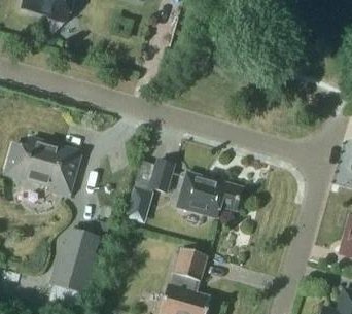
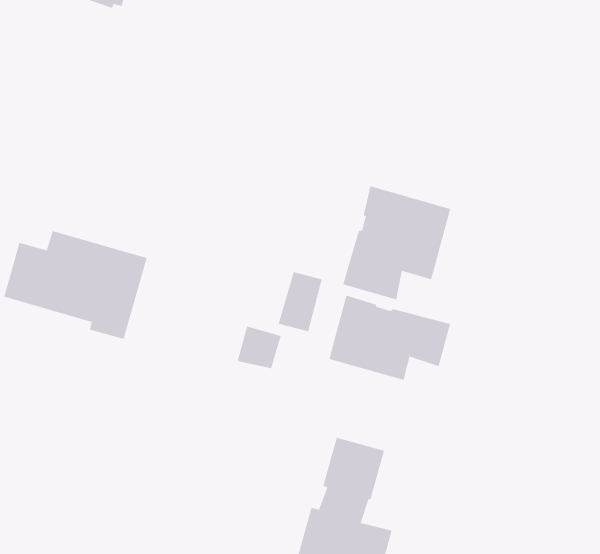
building: none -> [343,186,451,300]
building: [50,230,96,293] -> none

